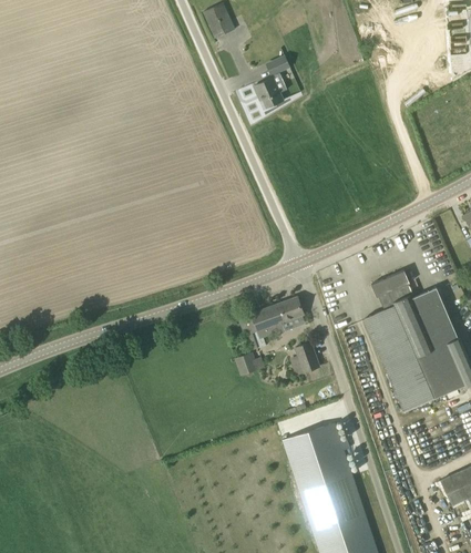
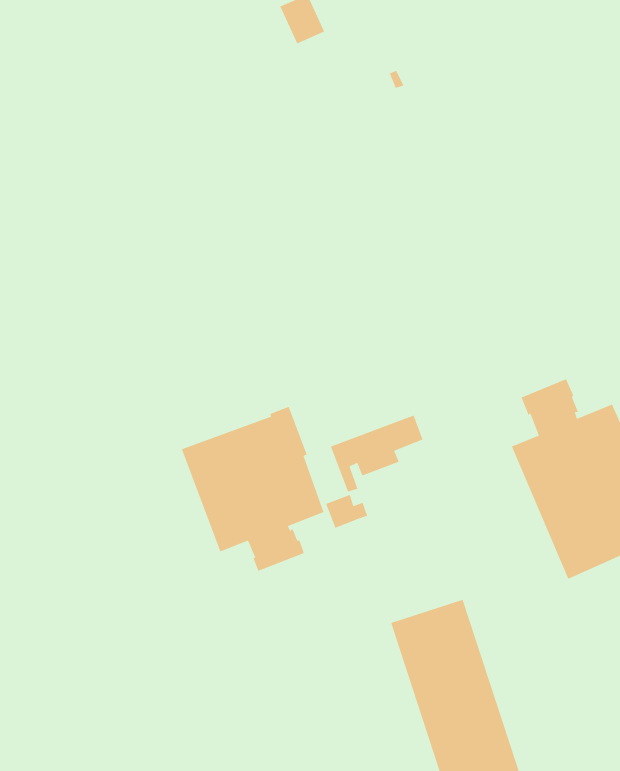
building: [254,78,281,107] -> none
building: none -> [181,406,324,572]
building: [294,341,319,372] -> none

